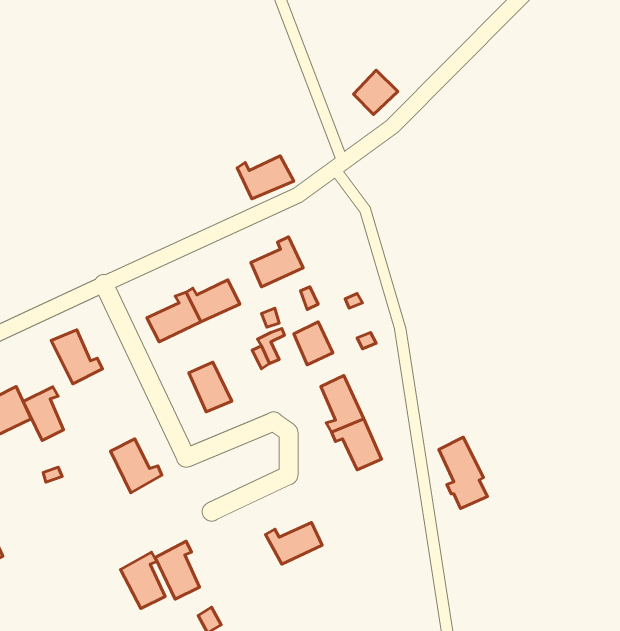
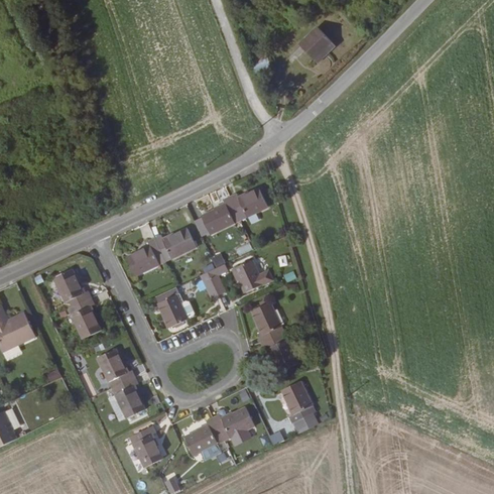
building: [353,70,398,114] -> [300,28,334,61]
building: [237,156,294,199] -> [229,188,271,220]
building: [23,387,64,441] -> [68,295,98,336]
building: [439,437,487,509] -> [282,382,319,436]
building: none -> [184,419,224,457]
building: [121,552,165,609] -> [111,375,144,417]

